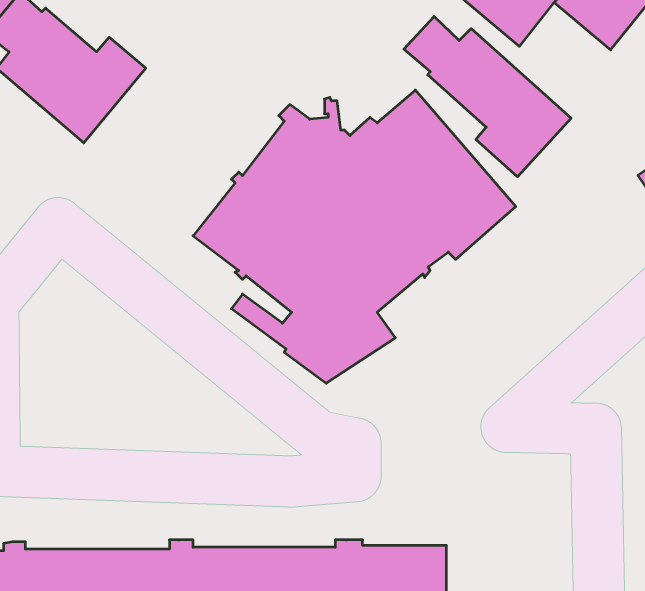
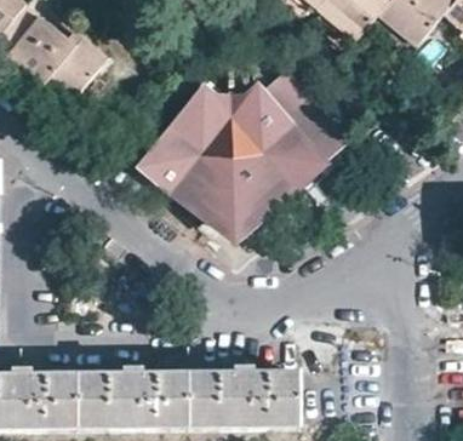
building: [404,16,571,177] -> none

